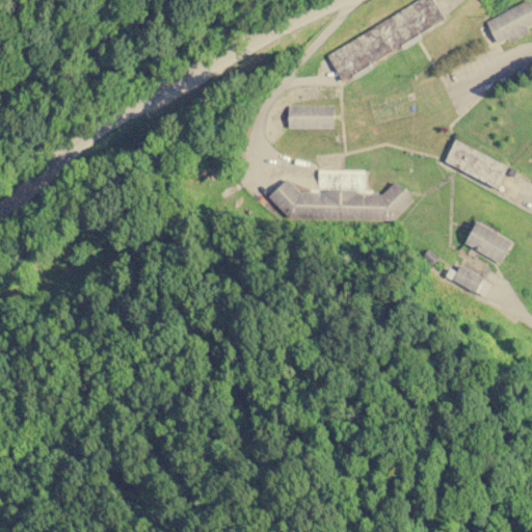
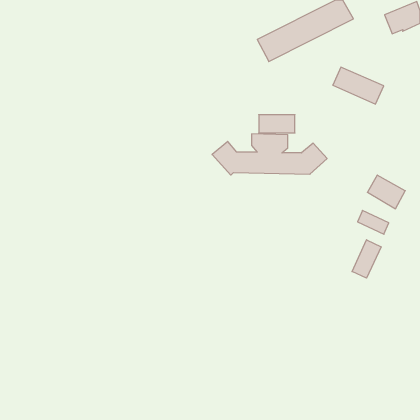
building: [288,105,334,128] -> [259,115,295,133]
building: [444,140,508,187] -> [333,67,384,104]
building: none -> [352,240,381,278]

